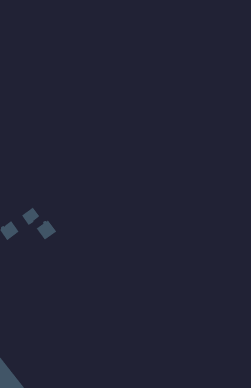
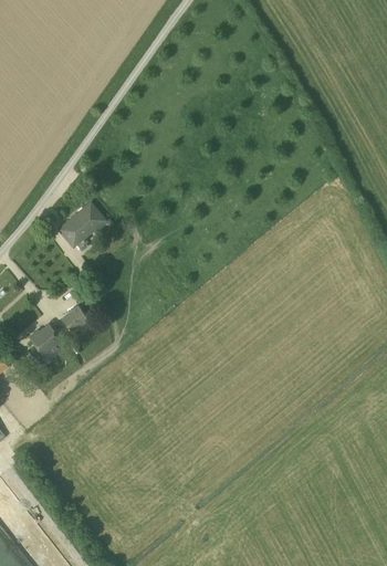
building: none -> [57,206,104,253]
building: [36,220,57,240] -> none

